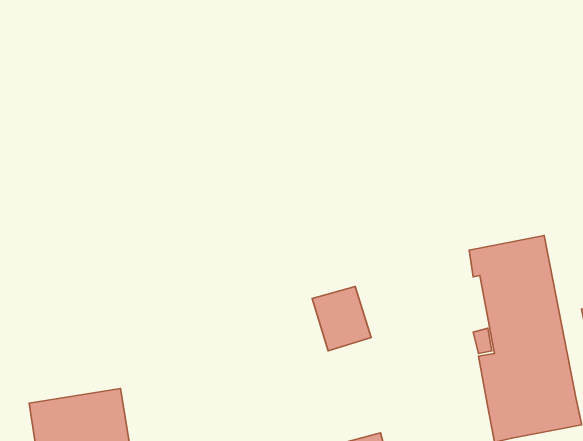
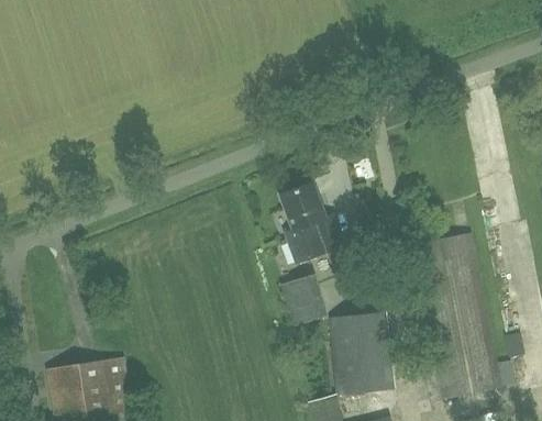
building: none -> [281,184,345,264]
building: none -> [330,312,392,395]

